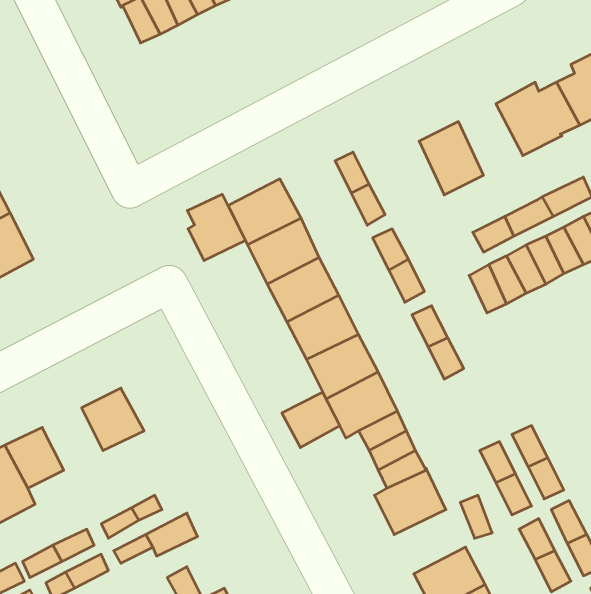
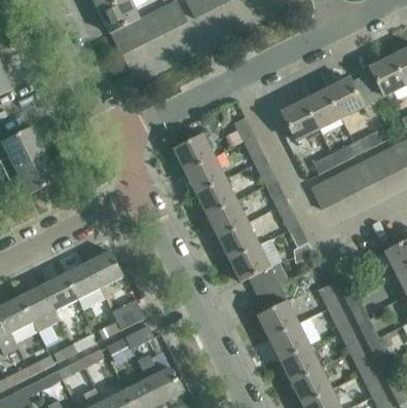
building: none -> [304,88,341,129]
building: [187,194,245,261] -> none
building: [282,392,340,448] -> none
building: none -> [65,263,100,299]
building: none -> [267,322,308,359]

